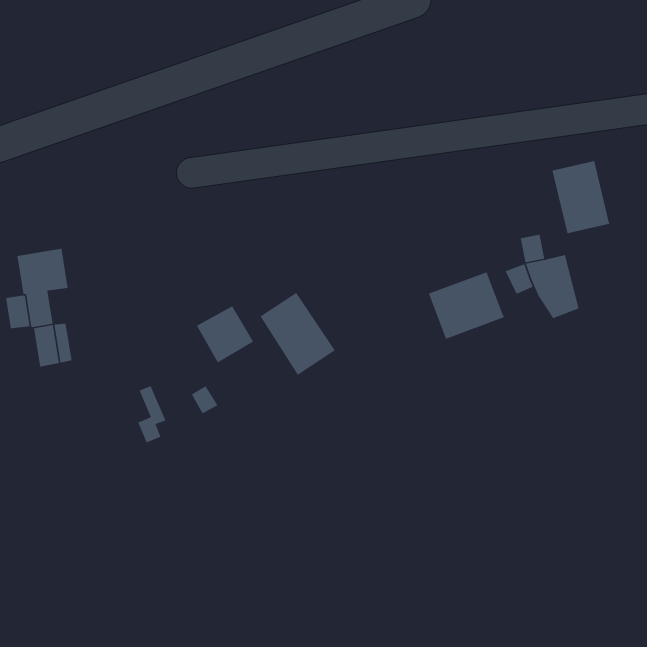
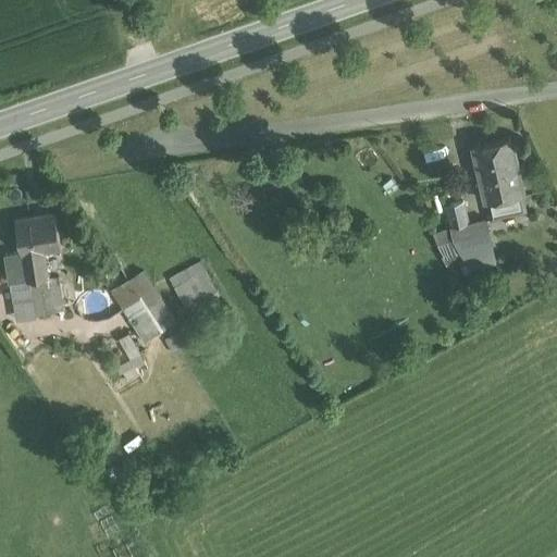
building: none -> [486,195,524,219]
building: [428,271,505,340] -> none
building: [260,292,336,376] -> [110,272,175,344]
building: none -> [9,282,35,322]

